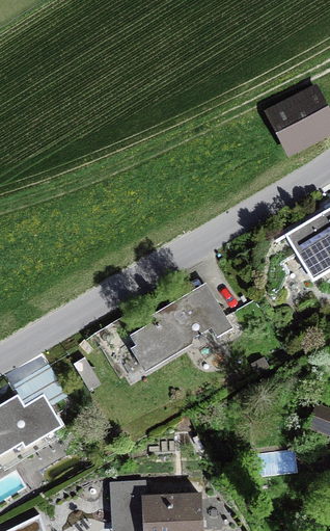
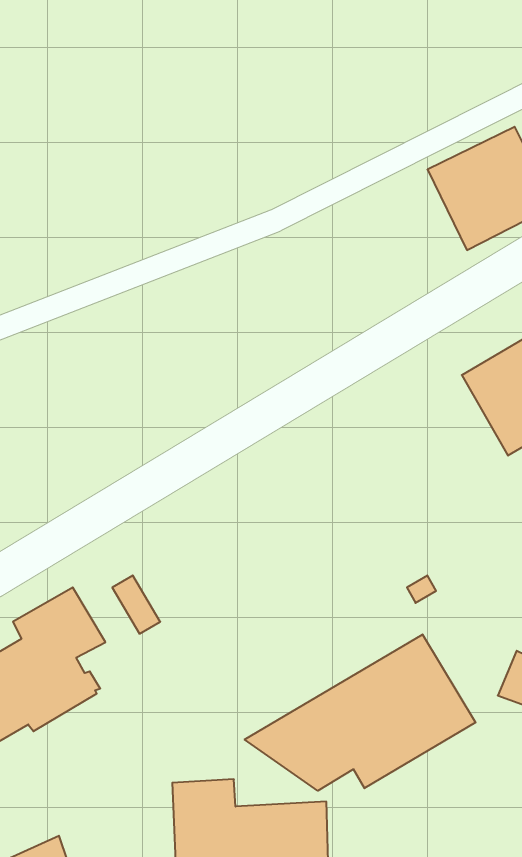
building: [130,283,233,374] -> none
building: none -> [245,634,476,791]

